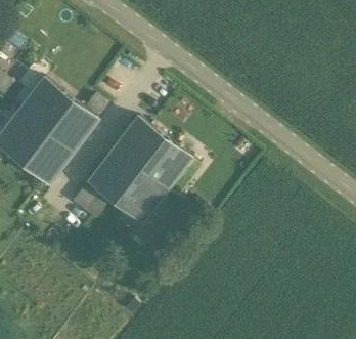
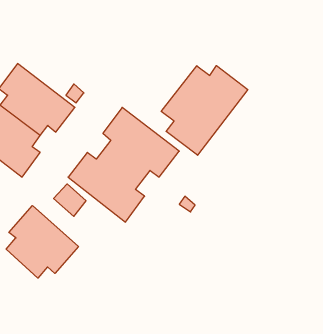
building: none -> [161,66,248,155]
building: none -> [6,206,78,278]

